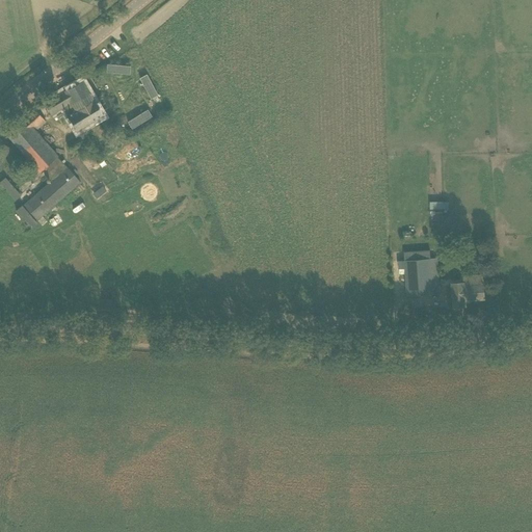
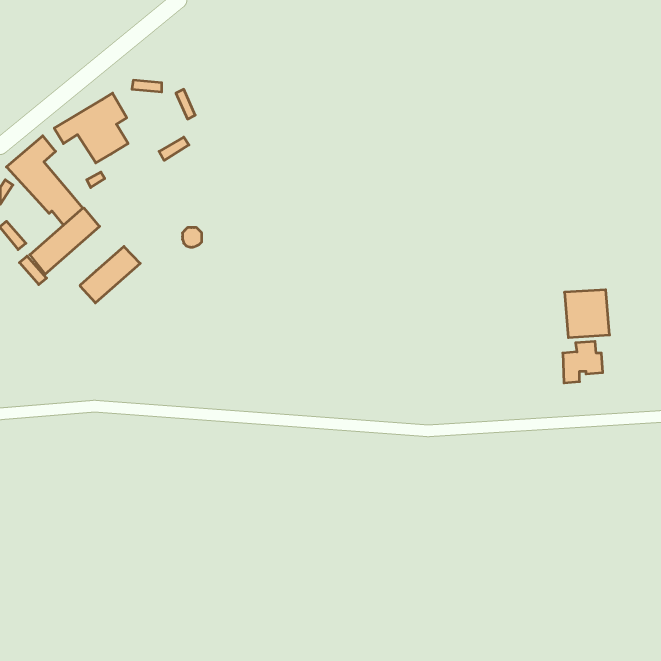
building: none -> [80,246,140,303]
building: [404,258,441,296] -> [564,290,610,338]

